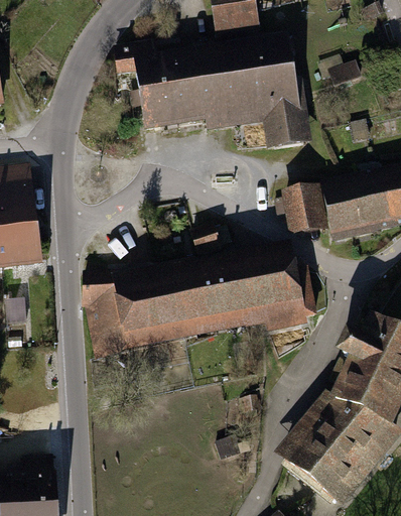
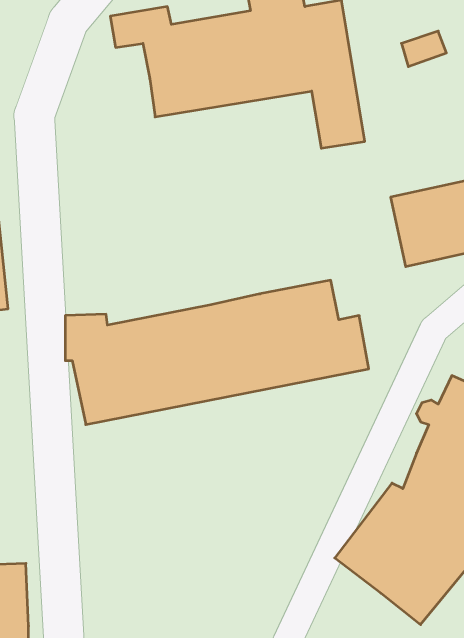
building: [282,188,323,233] -> none

